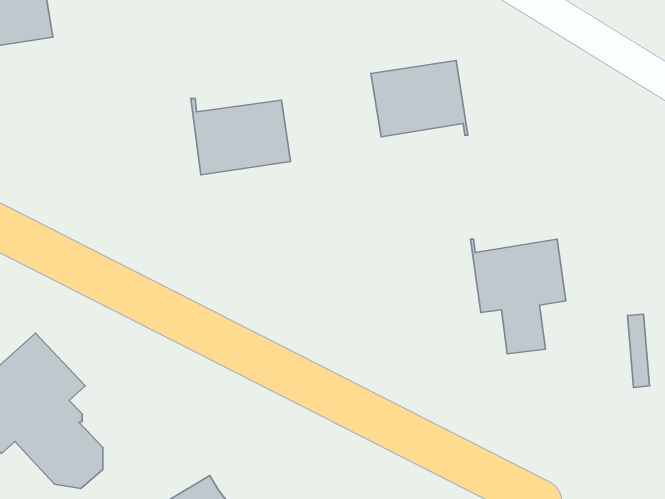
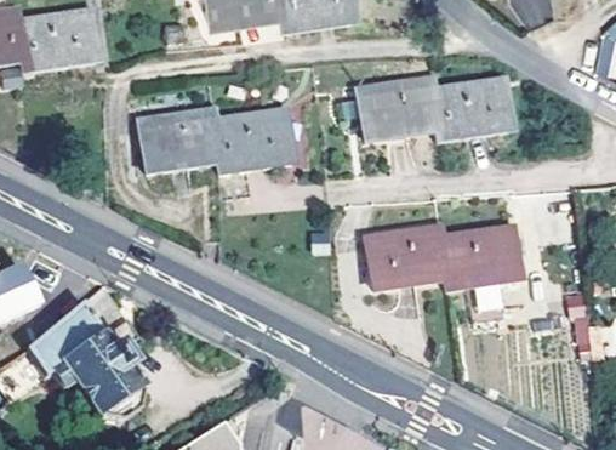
building: none -> [428,79,509,141]
building: none -> [139,110,217,173]
building: none -> [366,227,449,290]

